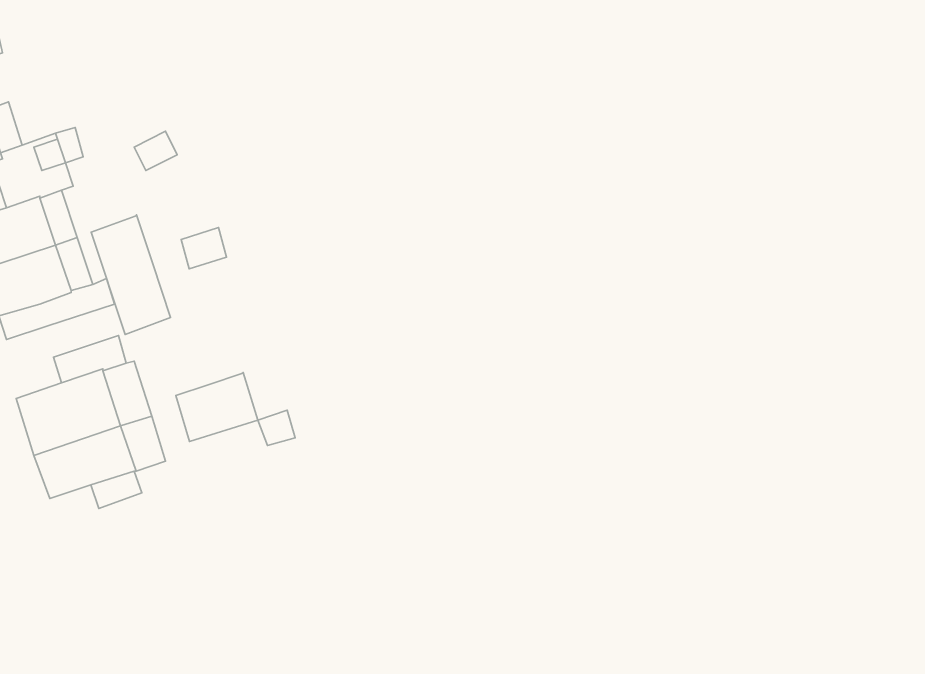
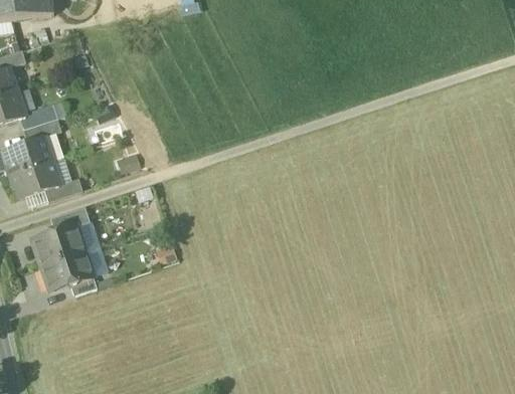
building: [91,215,171,335] -> none
building: [176,372,258,441] -> none

